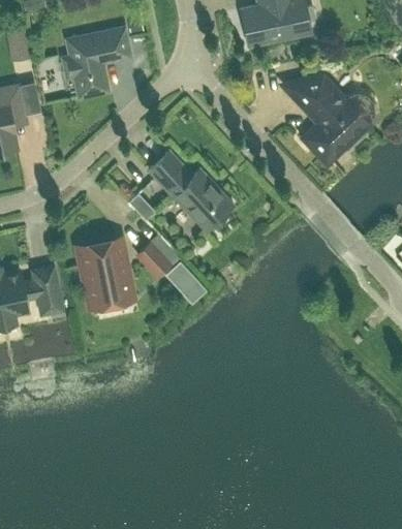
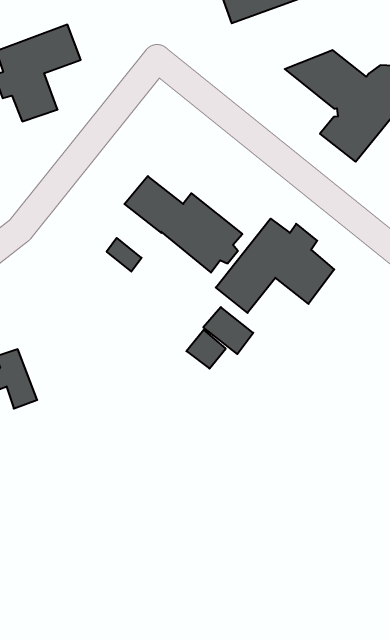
building: none -> [216,219,334,313]
building: [82,242,128,302] -> none
building: [134,243,172,280] -> [203,307,253,354]

